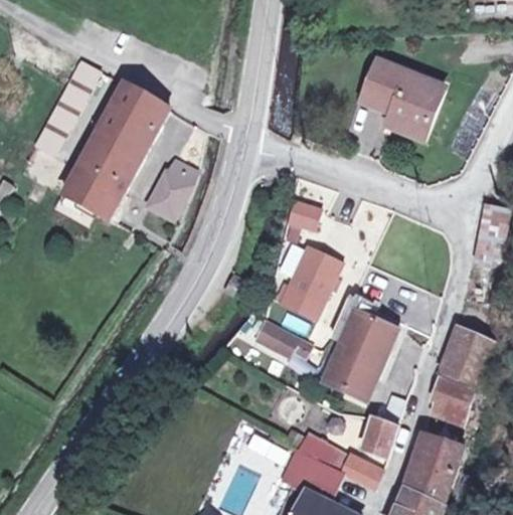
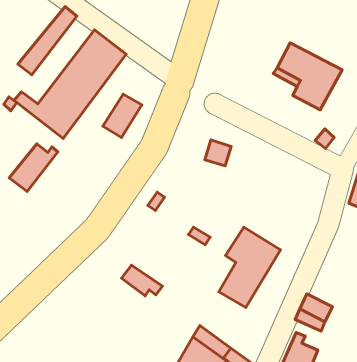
building: none -> [9,144,58,191]
building: [285,245,339,313] -> none
building: [437,324,477,386] -> none
building: [255,325,308,361] -> [122,265,163,296]
building: [365,417,398,457] -> none

